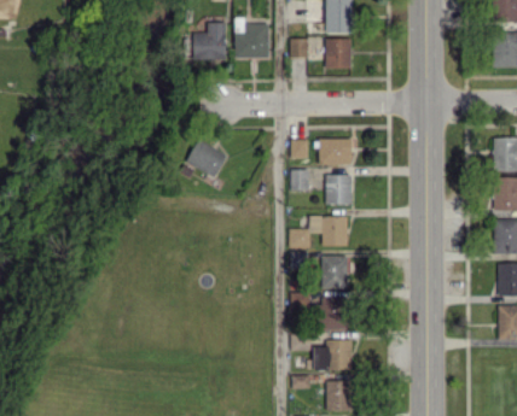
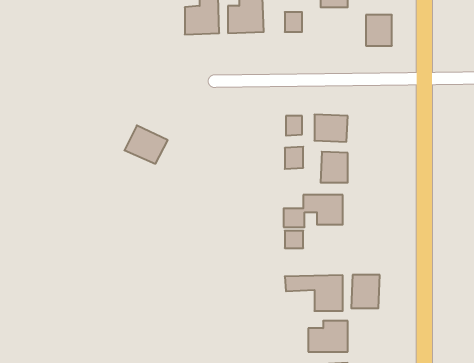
building: [326,37,352,68] -> [366,15,392,46]
building: [186,139,228,176] -> [124,125,168,164]
building: [321,254,349,287] -> [351,275,380,308]

